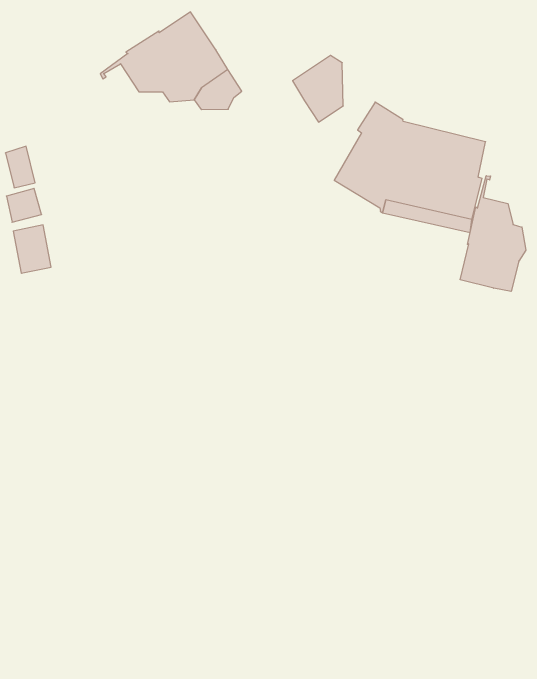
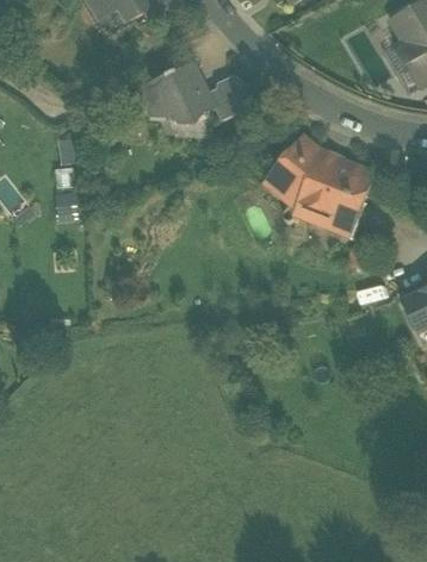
building: [293,55,343,122] -> [205,76,240,119]
building: [460,176,526,291] -> none

